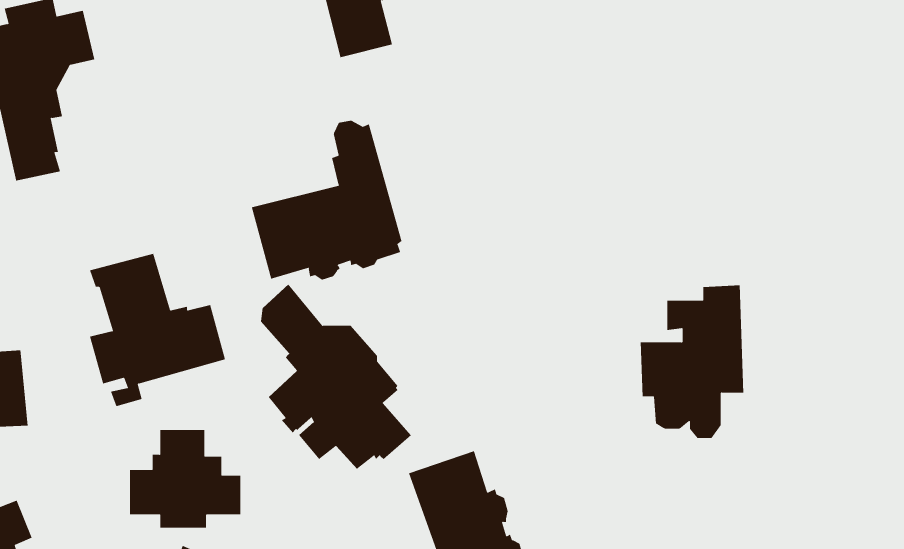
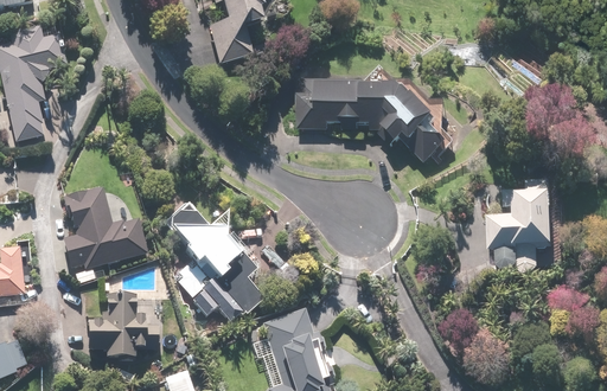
building: none -> [298,77,448,162]
building: [251,120,402,281] -> none
building: [640,285,744,439] -> [487,178,552,274]

